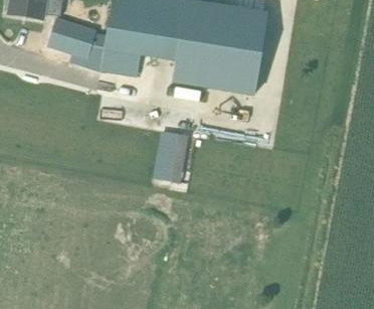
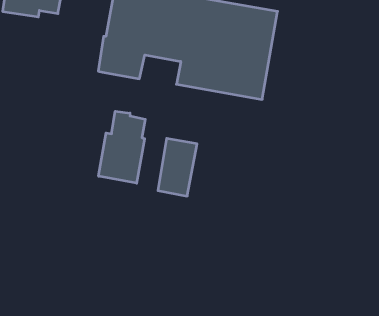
building: [48,16,97,66] -> none
building: none -> [99,111,145,183]

